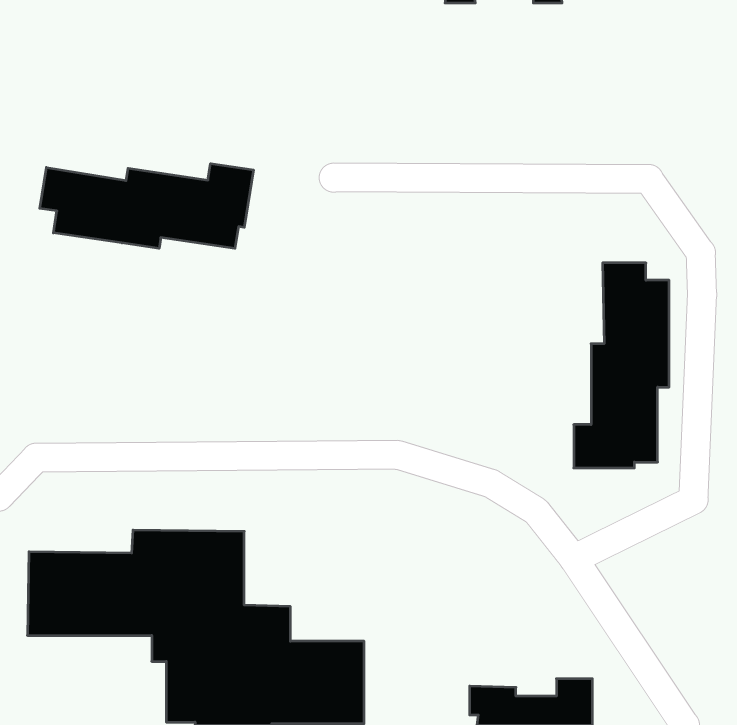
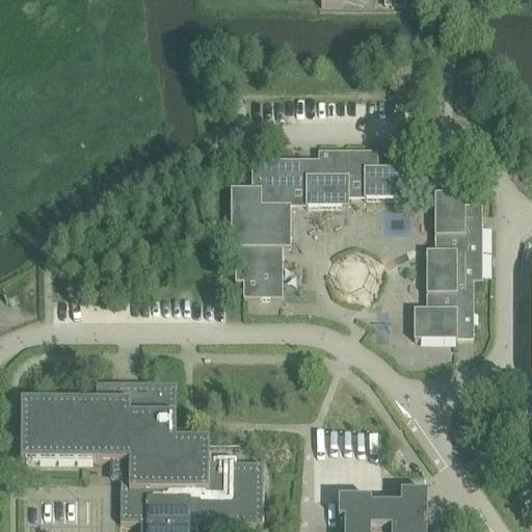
building: [40,164,253,248] -> none
building: none -> [230,148,406,295]

